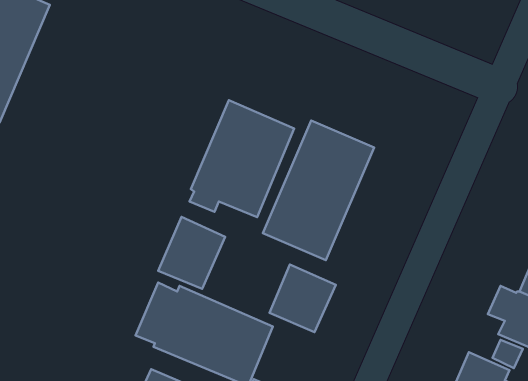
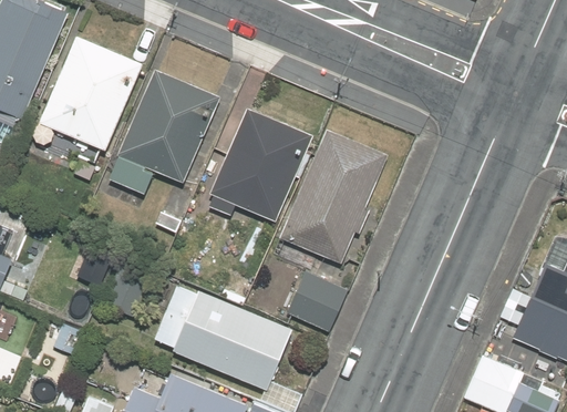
building: none -> [38,34,142,152]
building: none -> [107,69,219,195]
building: [158,217,225,289] -> none

